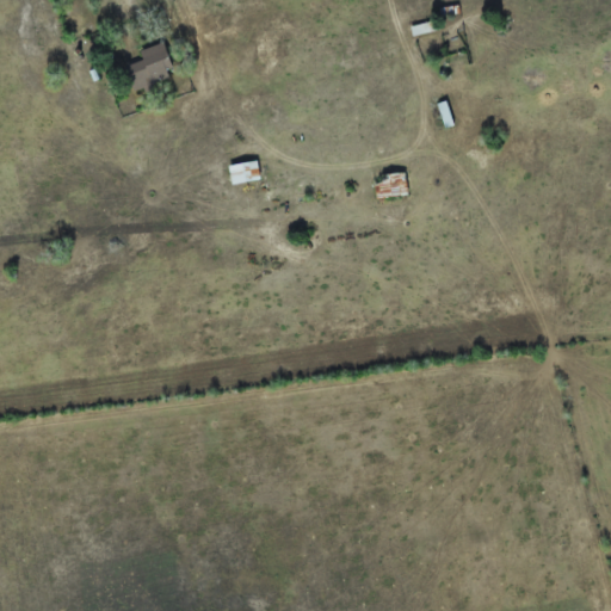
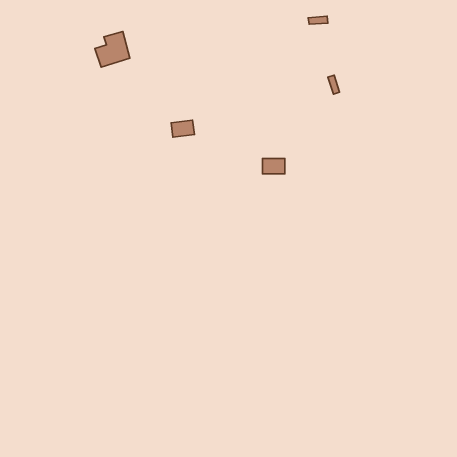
building: [376,174,406,195] -> [262,159,285,174]

